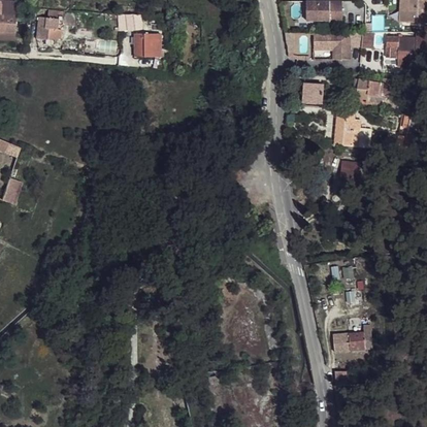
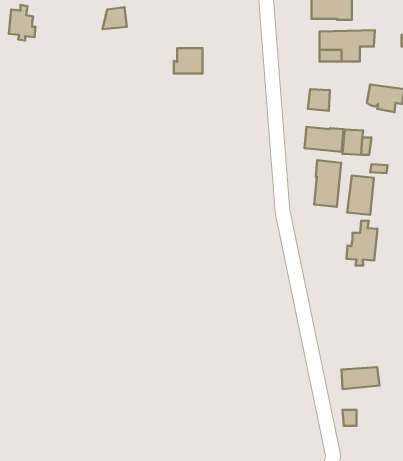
building: [133,33,159,56] -> [174,48,203,74]
building: none -> [305,127,344,152]
building: none -> [314,160,341,207]
building: none -> [346,221,377,266]

